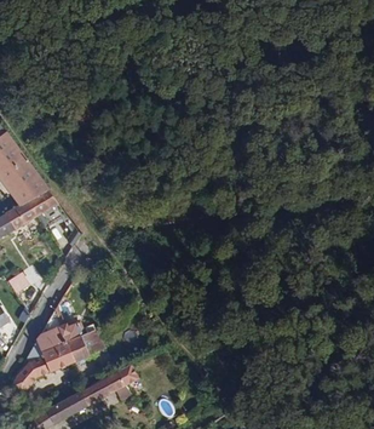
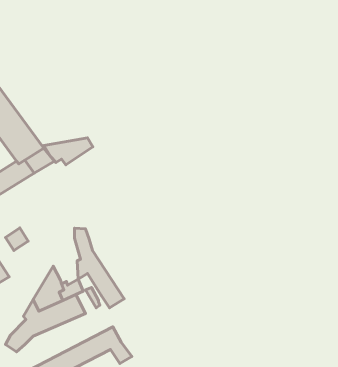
building: none -> [44,138,93,165]
building: none -> [75,228,124,308]

